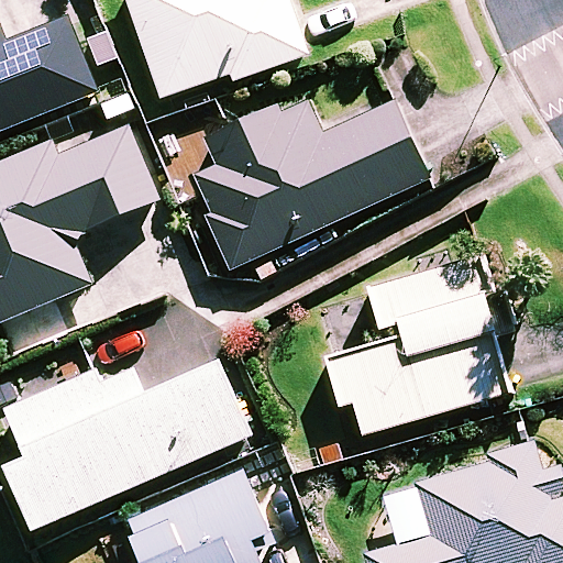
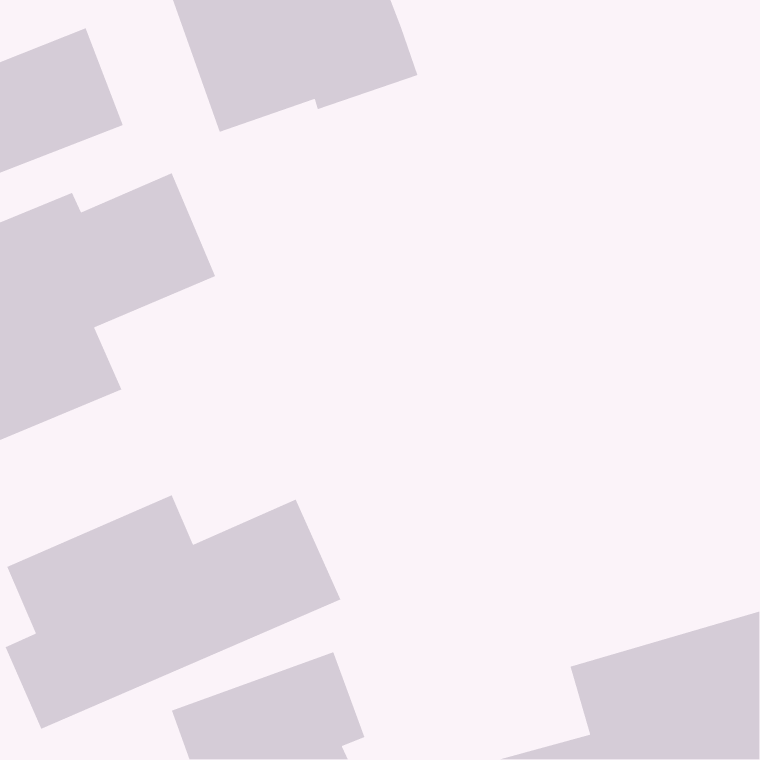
building: [189,98,424,268] -> none
building: [328,254,512,433] -> none

